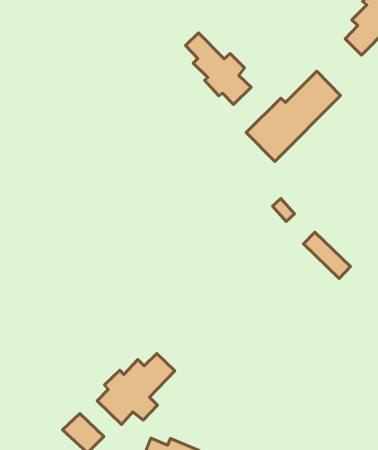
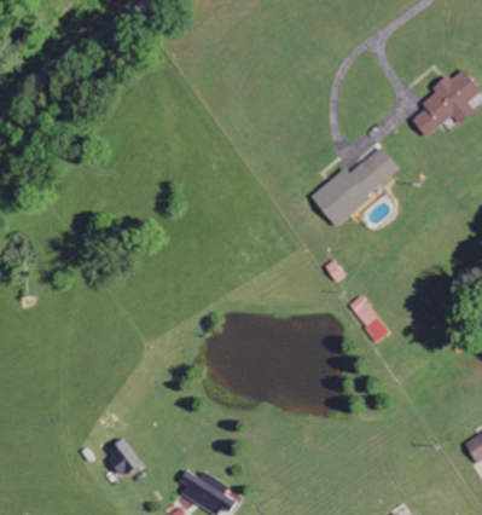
building: [186,33,251,105] -> none
building: [97,353,175,425] -> none

